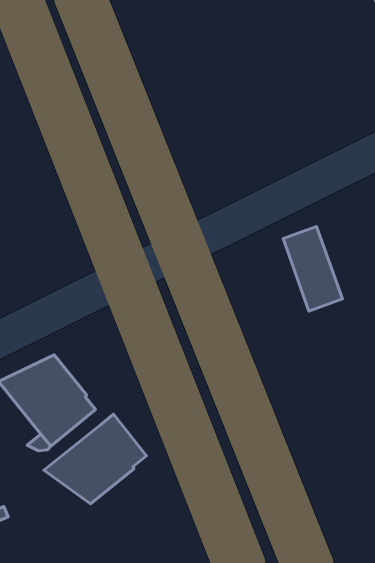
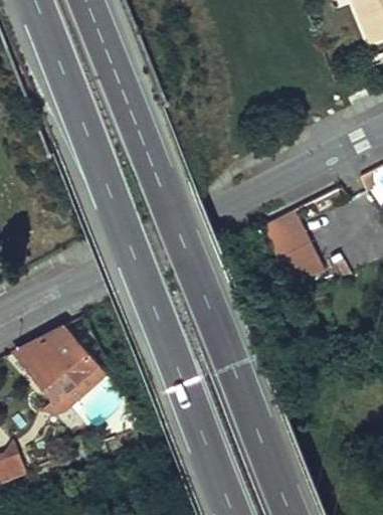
building: [44,414,147,504] -> none

